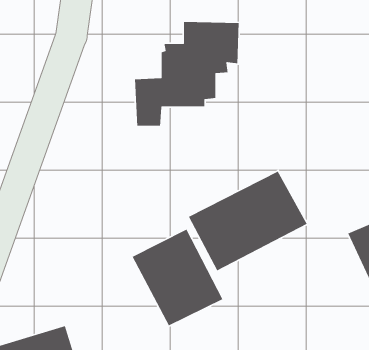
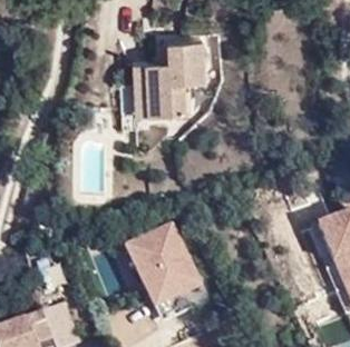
building: [188,170,308,271] -> none

